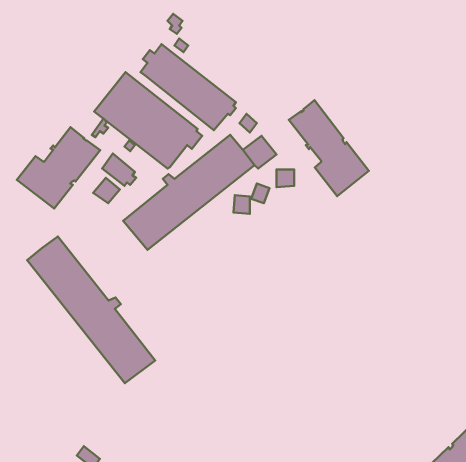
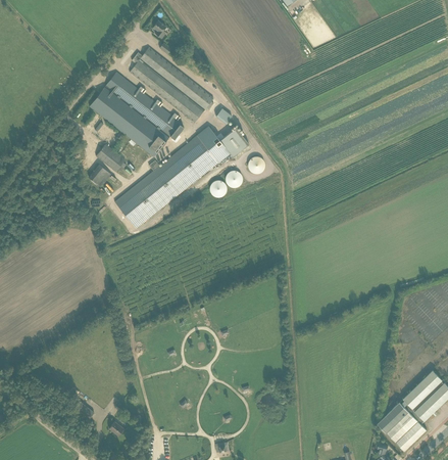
building: [289,100,369,196] -> none
building: [17,127,100,208] -> none
building: [27,236,155,383] -> none

